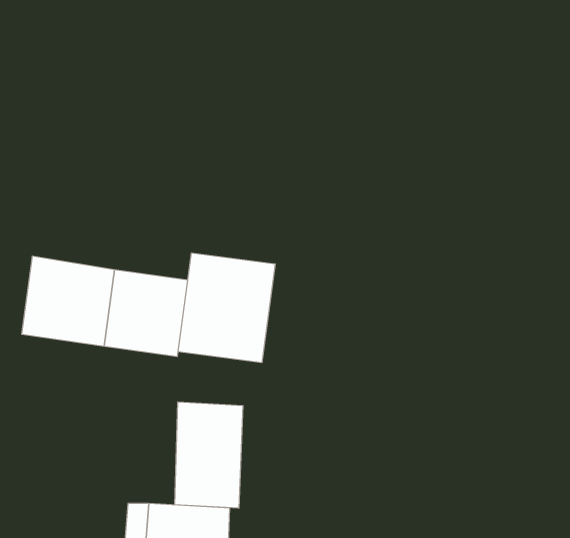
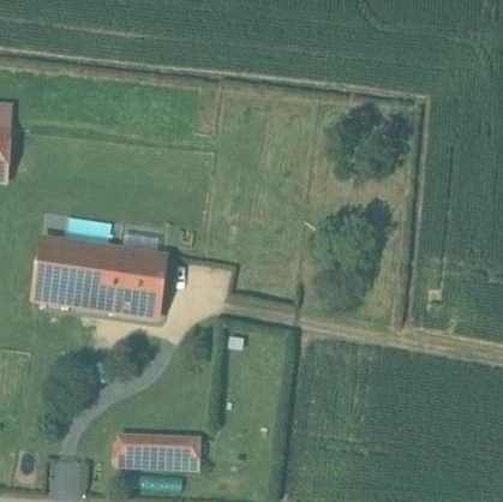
building: [178,253,275,363] -> none
building: [175,402,243,508] -> none

